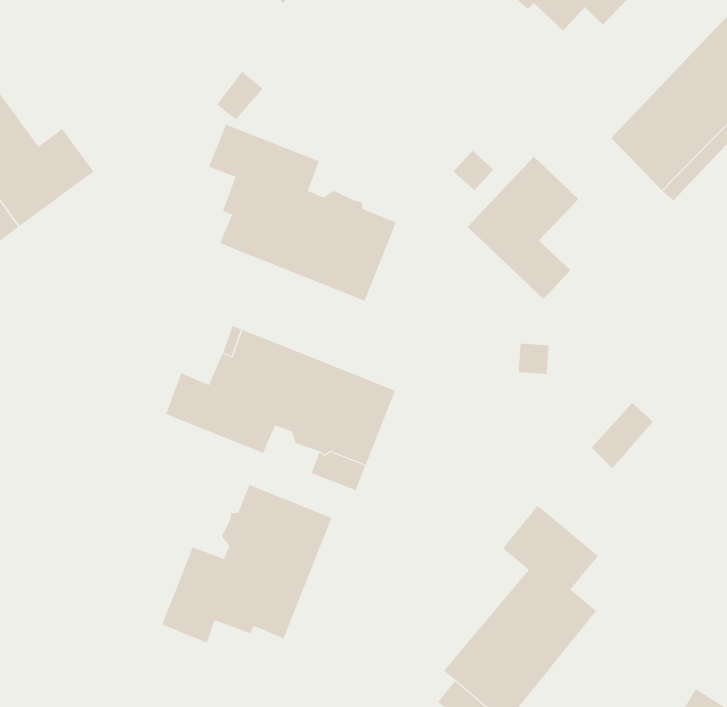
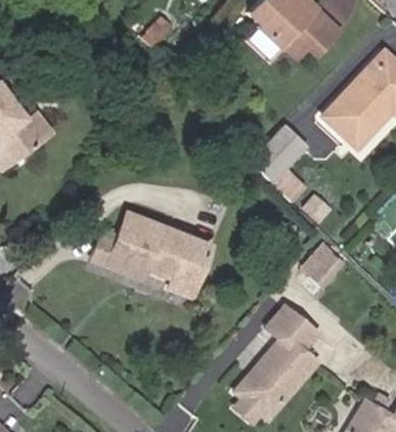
building: [208,124,396,301] -> none
building: [162,484,332,643] -> none

